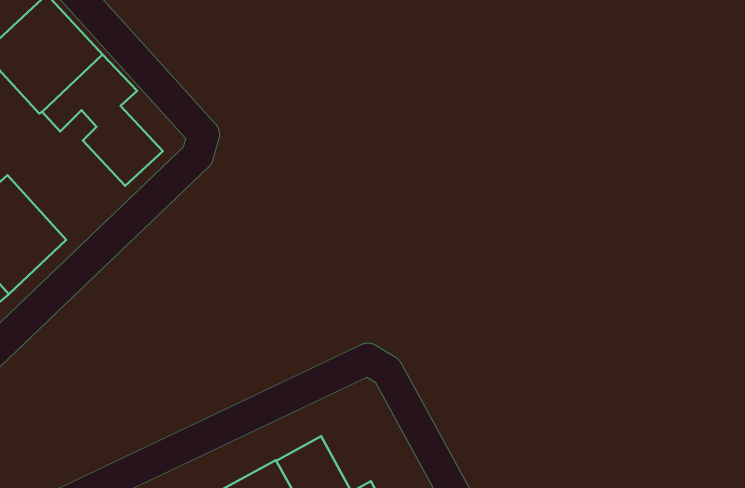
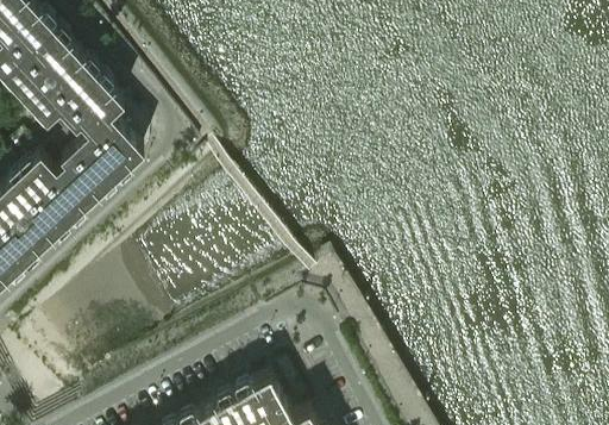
building: none -> [21,120,114,223]

